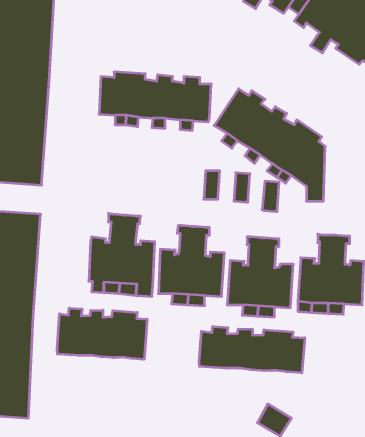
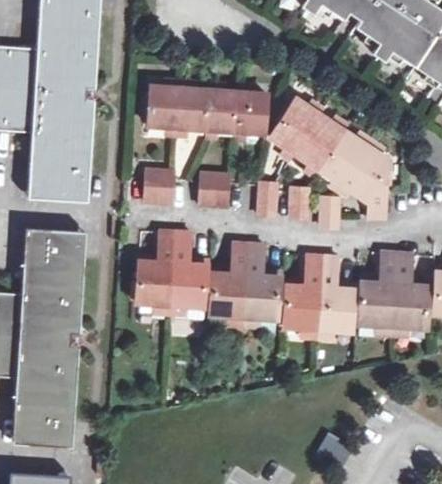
building: none -> [143,170,175,202]
building: none -> [198,173,231,205]
building: [57,308,147,359] -> none
building: [199,326,305,373] -> none

